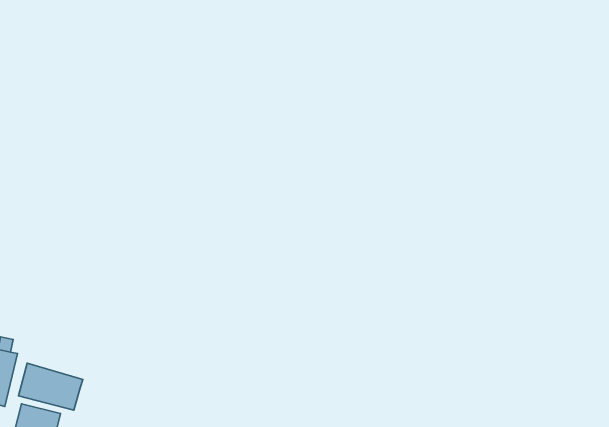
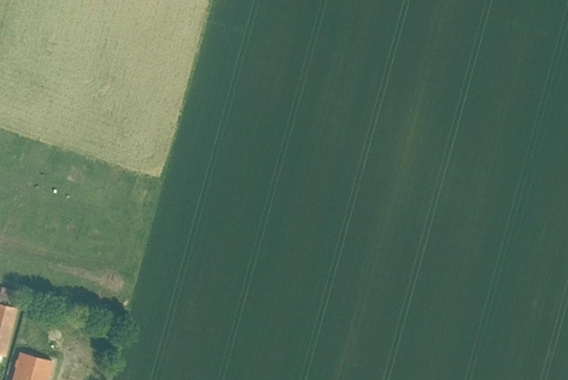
building: [19,363,83,410] -> none

